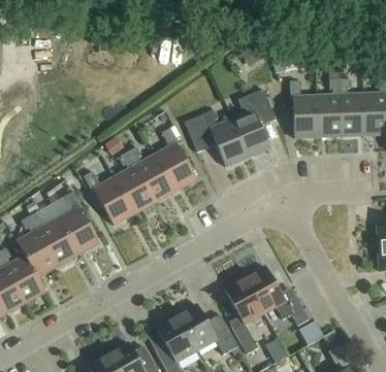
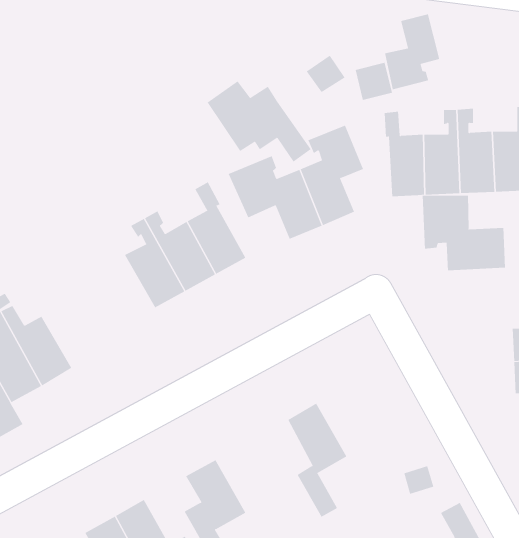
building: none -> [384,13,440,90]
building: none -> [207,80,312,162]
building: none -> [422,195,506,271]
building: [84,171,134,226] -> none
building: [58,192,99,253] -> none
building: [244,266,309,326] -> none
building: [175,304,237,354] -> none

